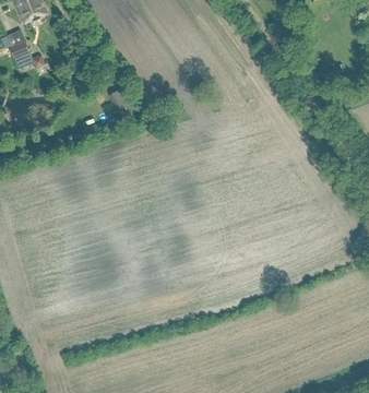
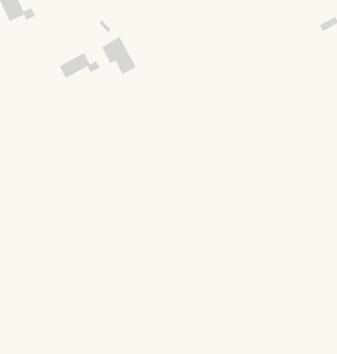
building: none -> [59,52,100,79]

